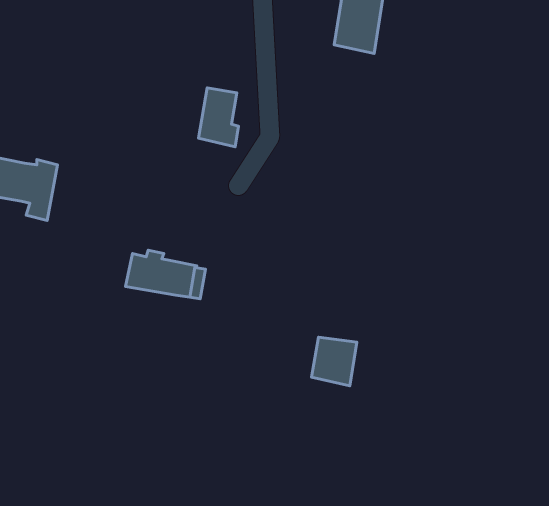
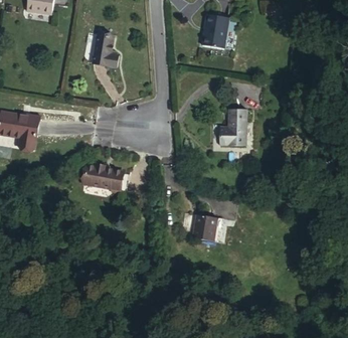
building: [199,88,239,147] -> [93,32,116,66]
building: none -> [218,111,247,148]

